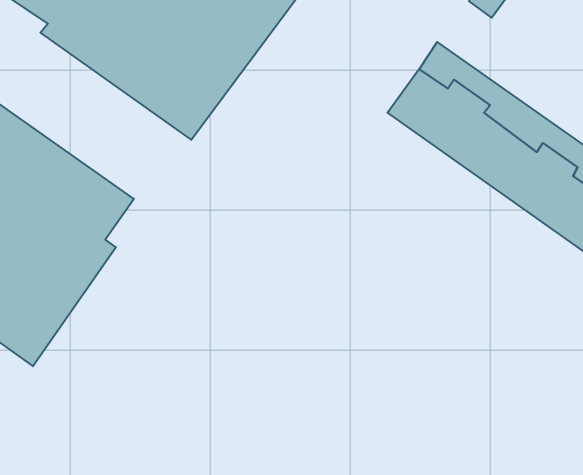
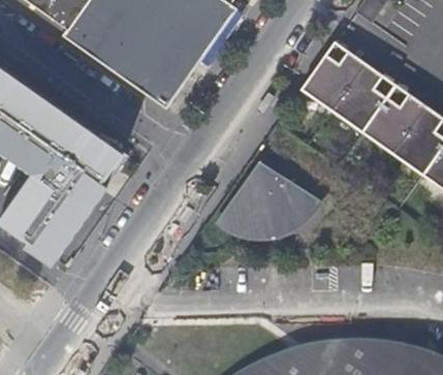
building: none -> [220,166,316,233]

